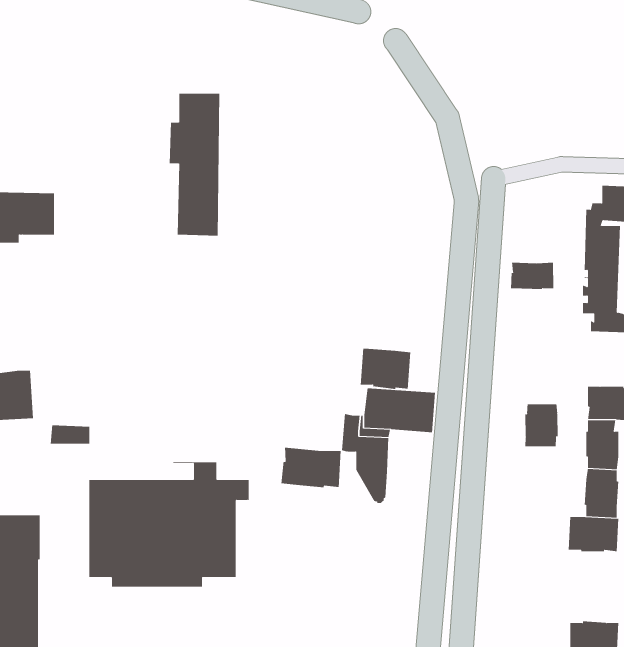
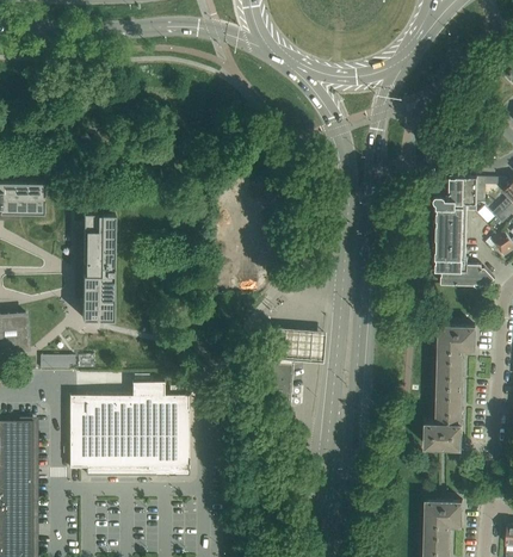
building: [169,93,220,236] -> [76,213,115,320]
building: [511,262,554,290] -> none
building: [360,348,411,390] -> none
building: [525,403,558,447] -> none
building: [281,447,341,488] -> none

